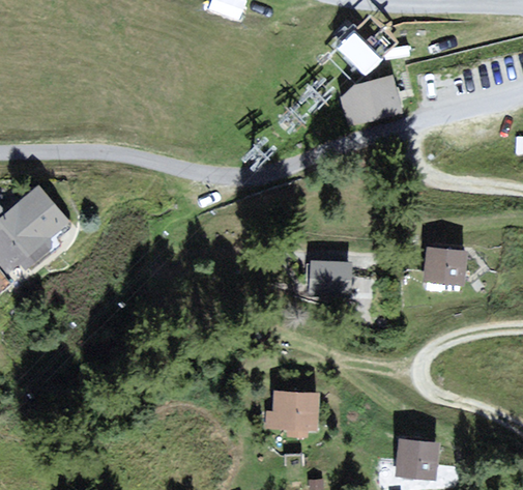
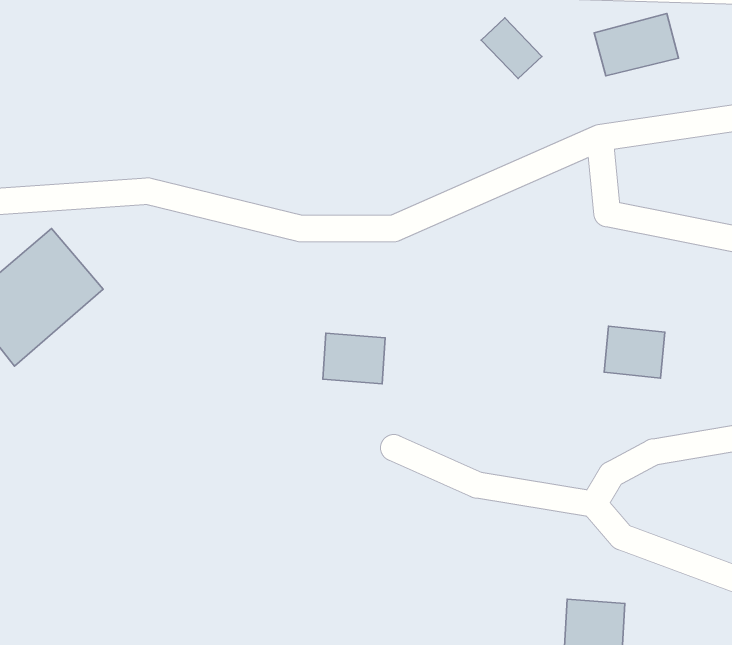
building: [336,80,395,123] -> [594,14,679,76]
building: [309,262,352,297] -> [323,333,385,384]
building: [268,391,313,430] -> none

